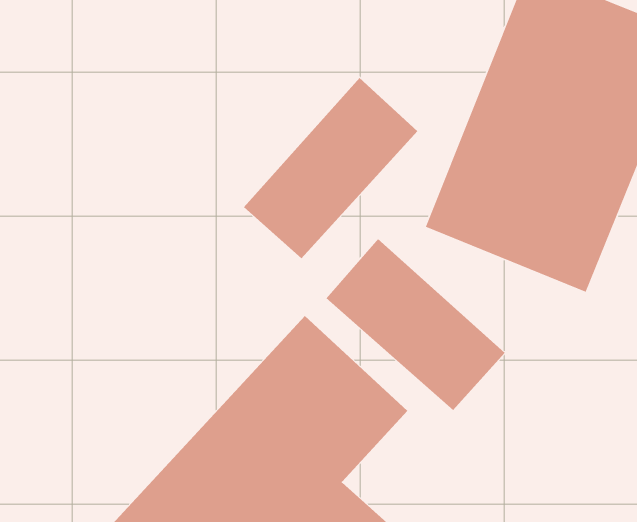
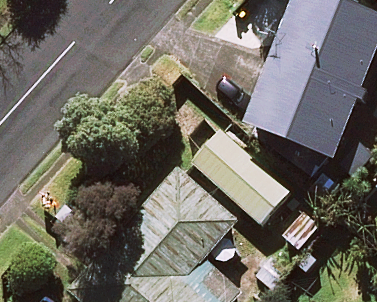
building: [243,77,418,259] -> none

